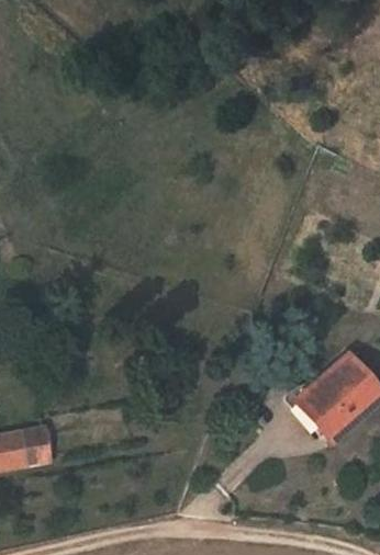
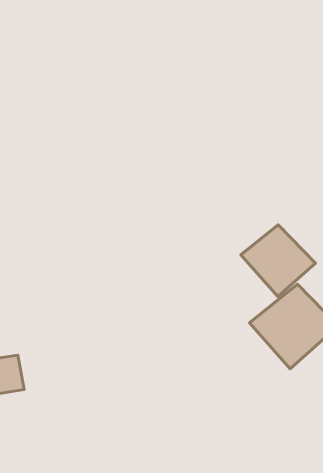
building: none -> [241,225,315,296]

